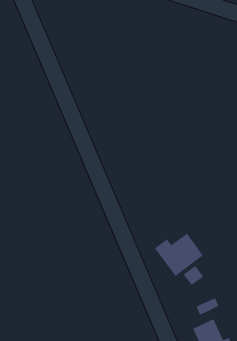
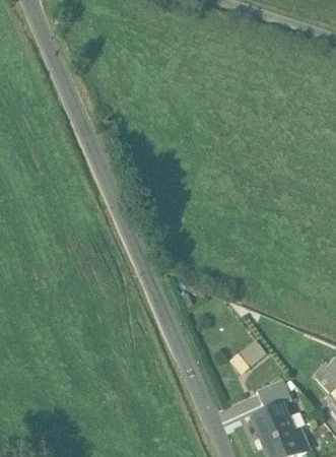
building: [154,233,204,277] -> none

